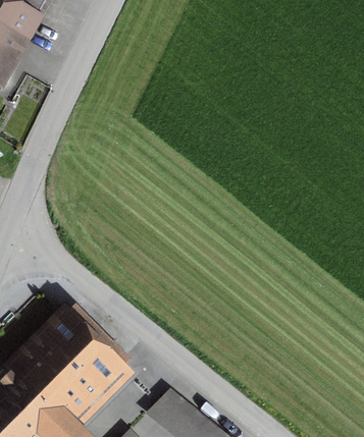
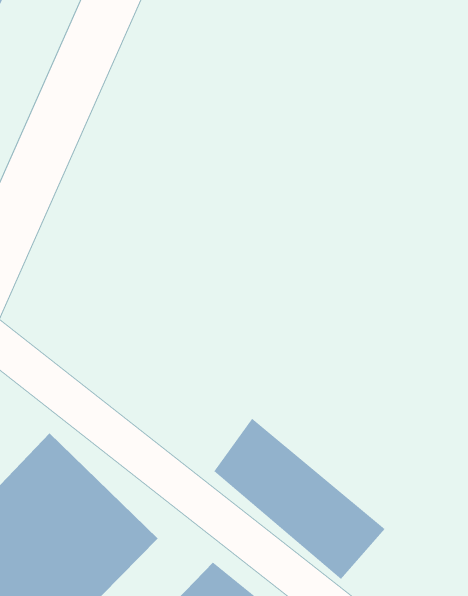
building: none -> [213,418,386,580]

